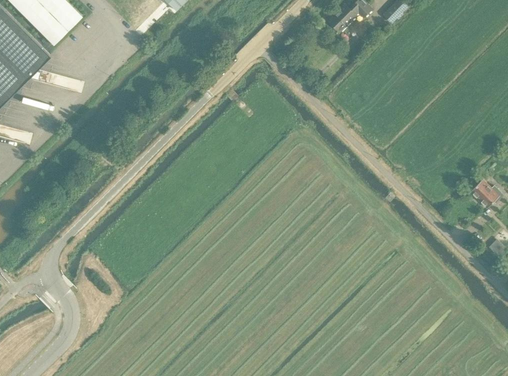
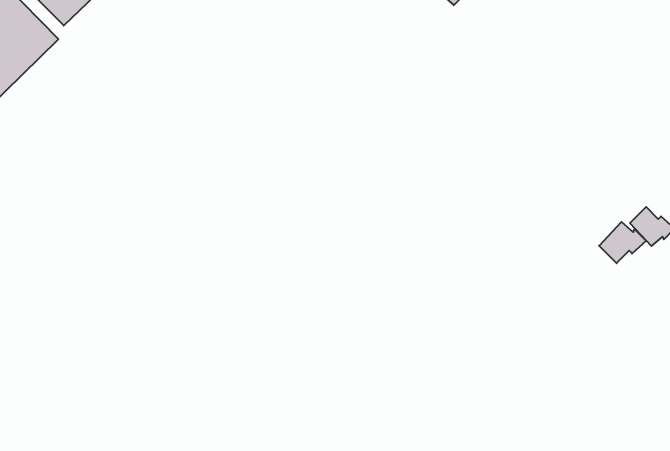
building: none -> [599,222,646,263]

